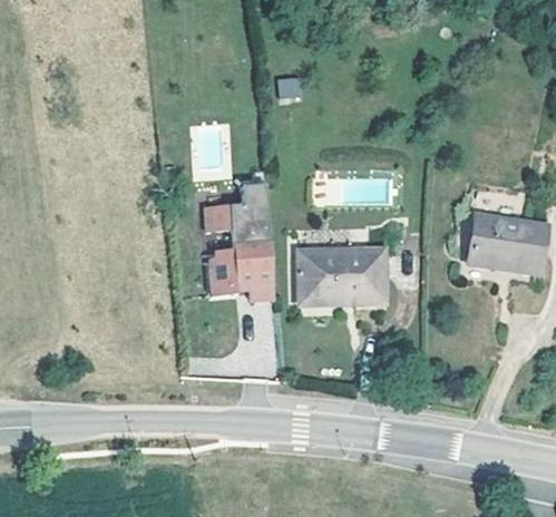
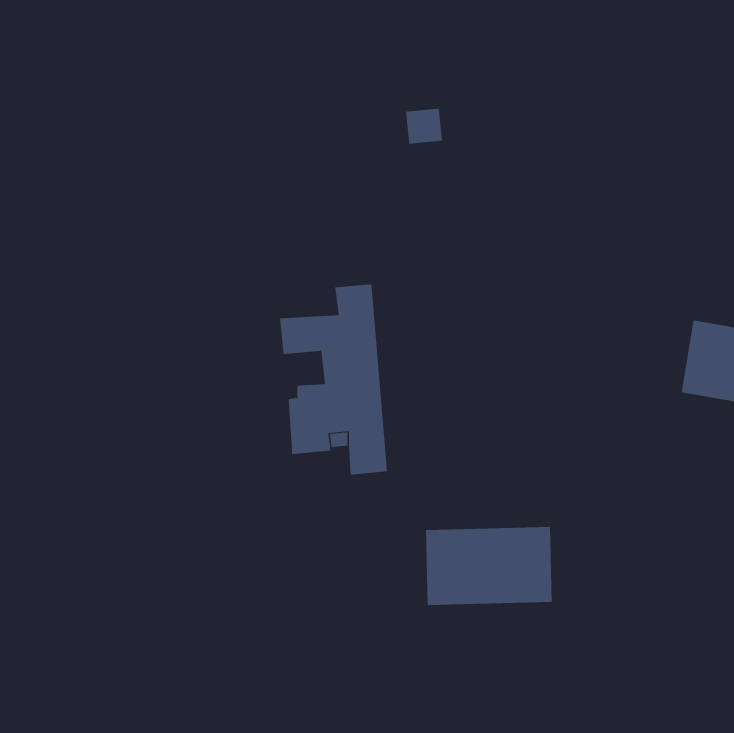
building: [296,248,379,300] -> [425,526,553,606]

